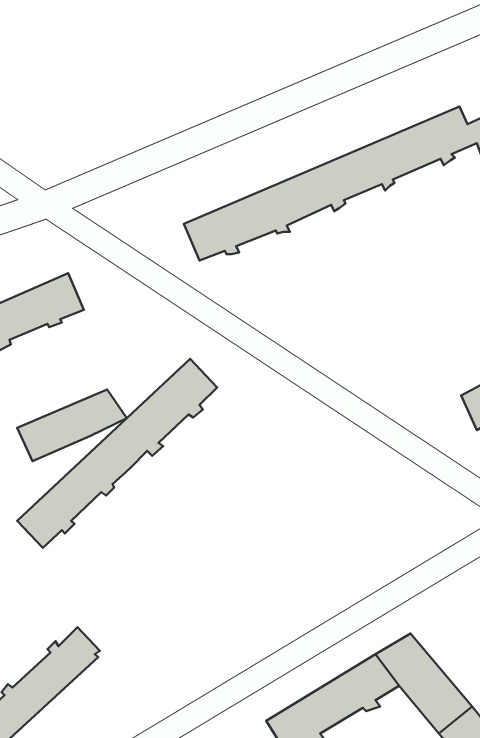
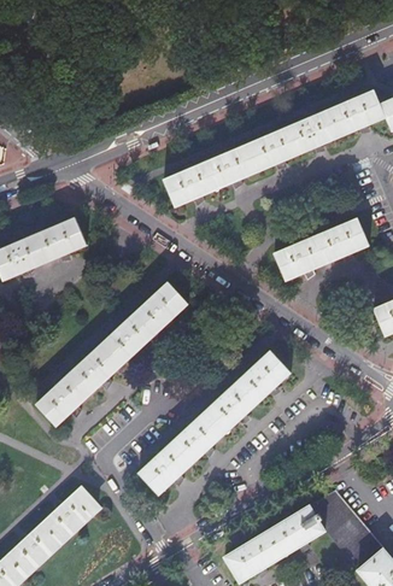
building: none -> [276,211,371,276]
building: [17,389,127,461] -> none
building: none -> [137,351,289,494]

